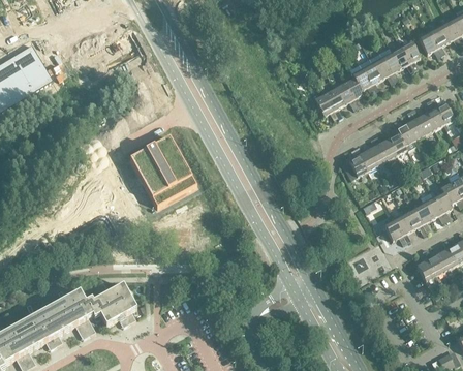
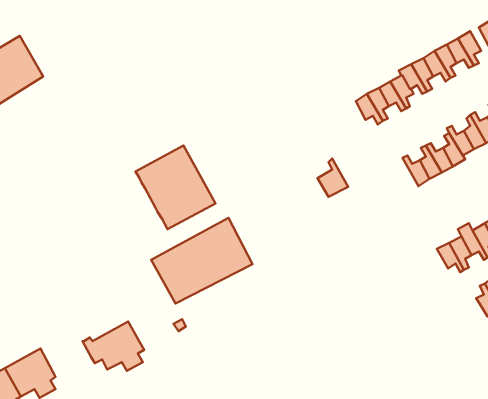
building: [342,146,368,178] -> [317,159,348,197]
building: none -> [151,218,253,303]
building: [51,289,96,337] -> none

